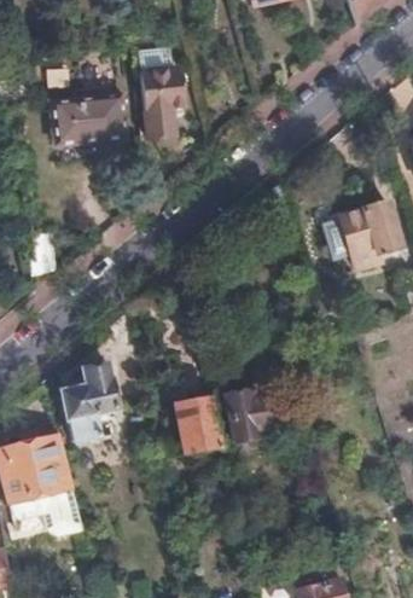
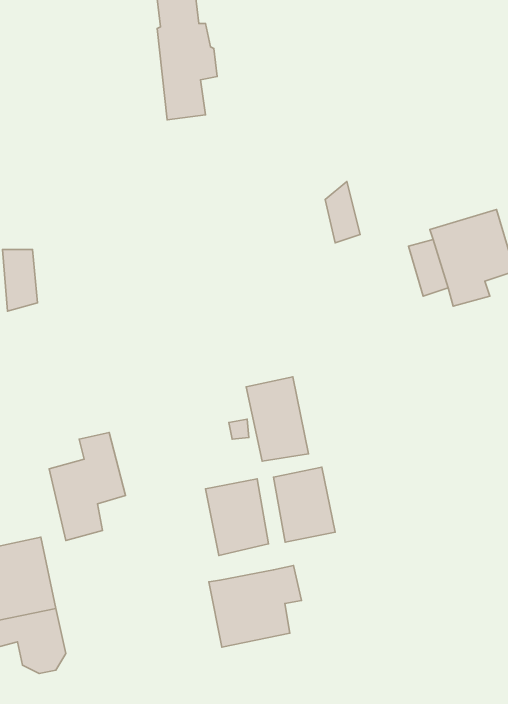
building: [52,93,121,144] -> none
building: none -> [246,377,308,461]
building: none -> [209,565,302,647]

